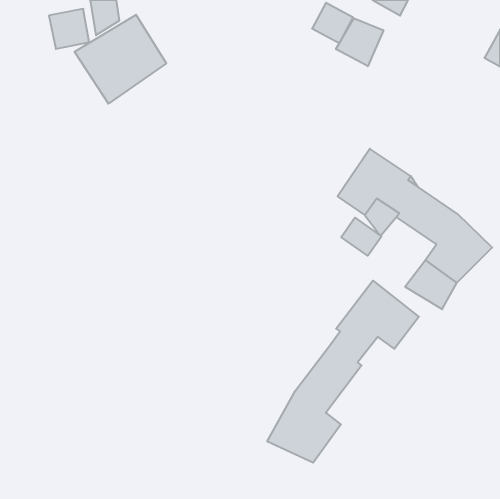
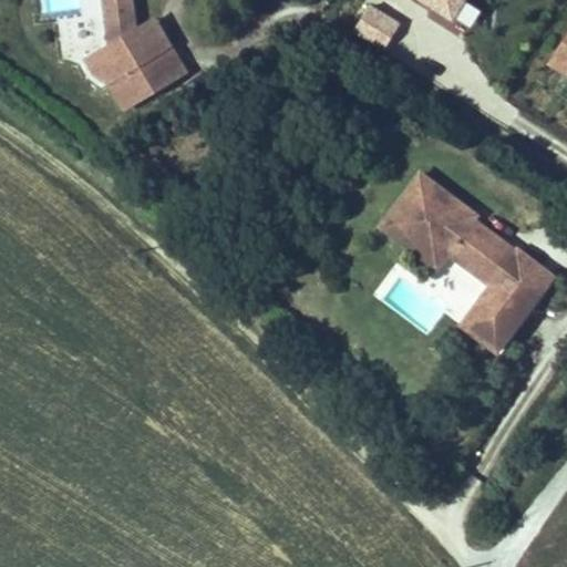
building: [336,18,383,66] -> none
building: [341,218,381,256] -> none
building: [267,281,419,463] -> none

